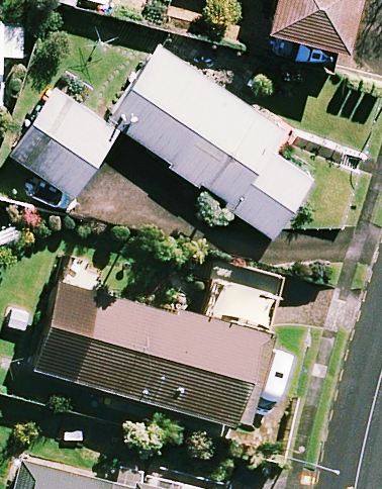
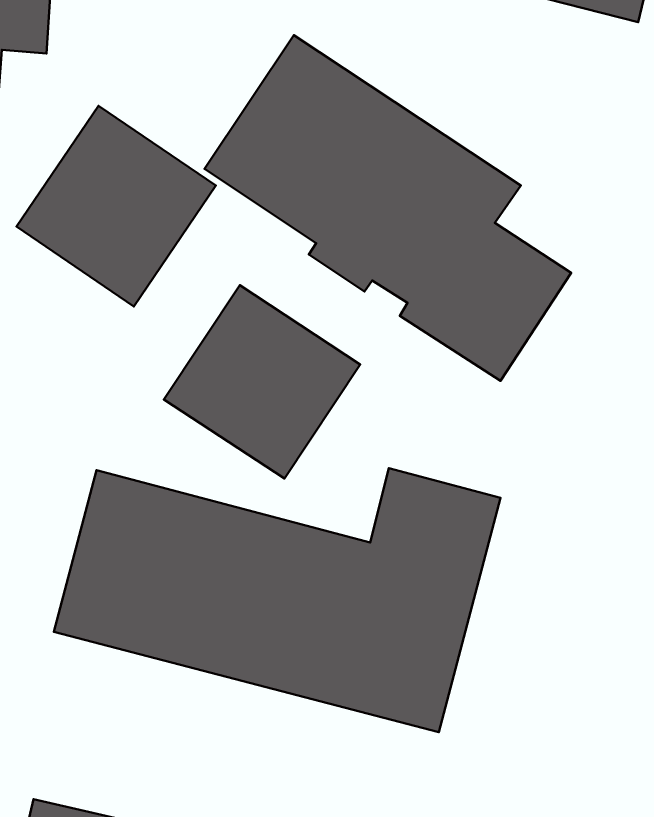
building: none -> [164,285,360,479]

